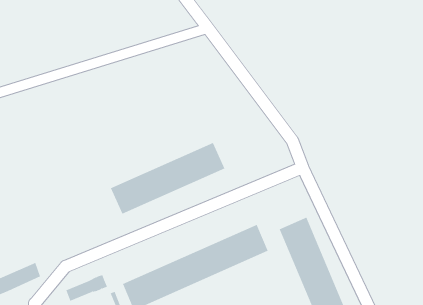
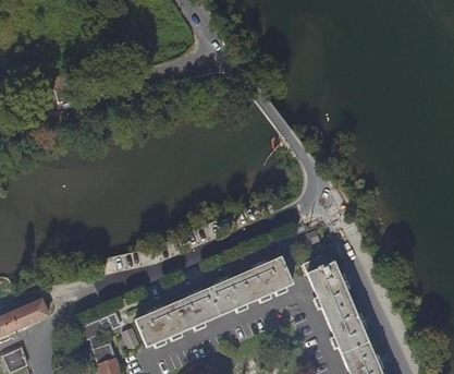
building: [110,142,225,215] -> none

